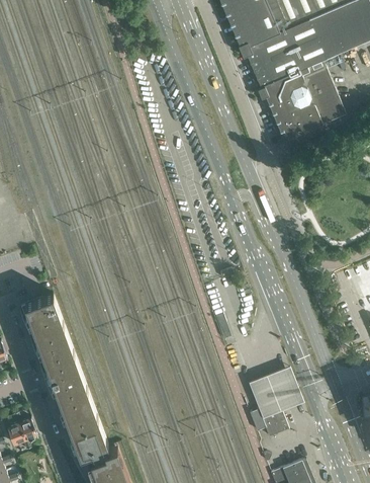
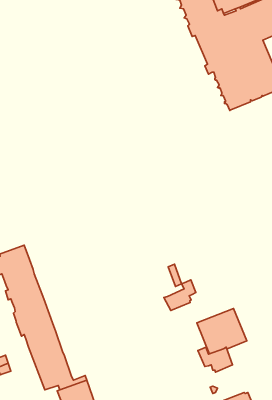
building: none -> [164,280,196,310]

